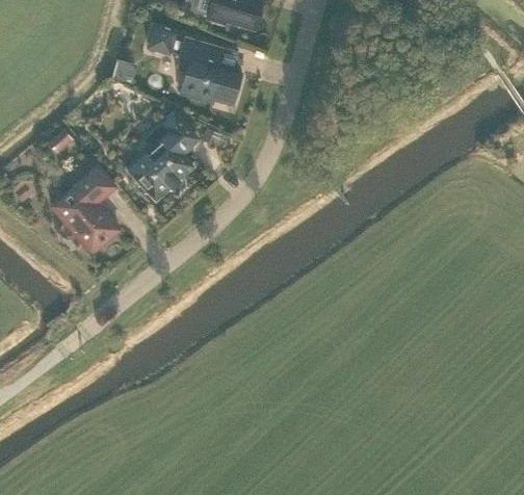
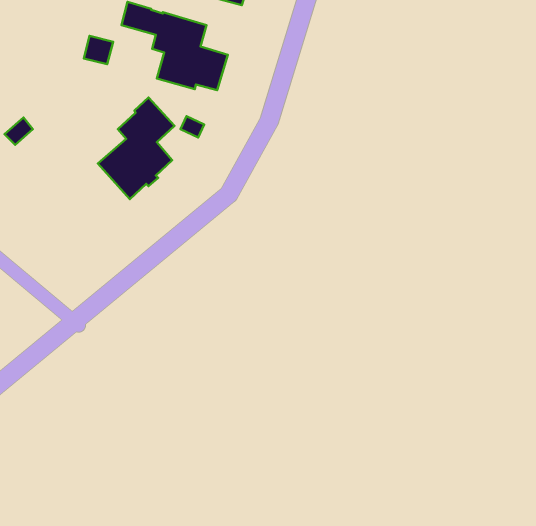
building: [52,166,121,253] -> none

